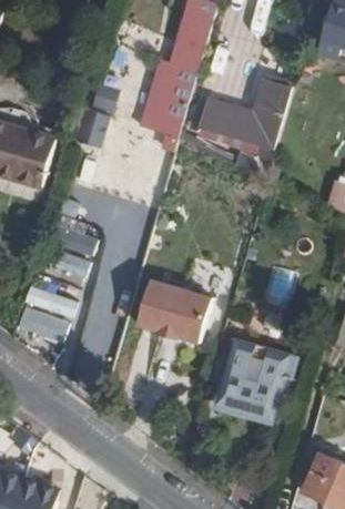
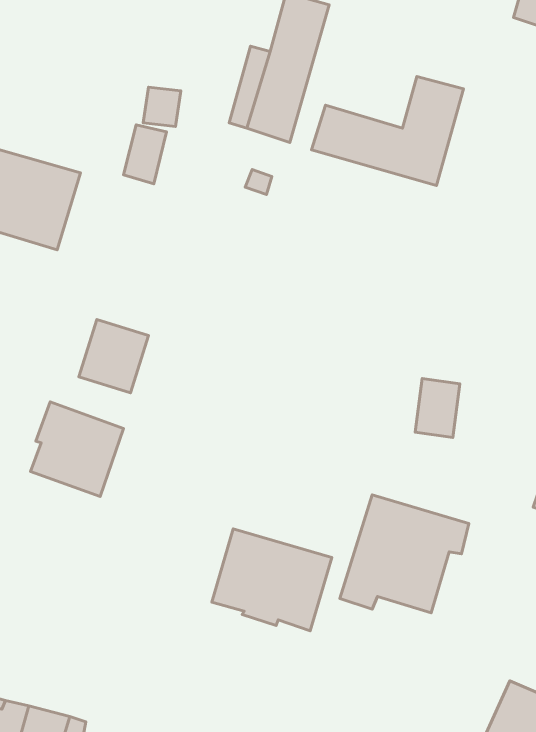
building: [134,285,209,348] -> [212,529,332,631]

